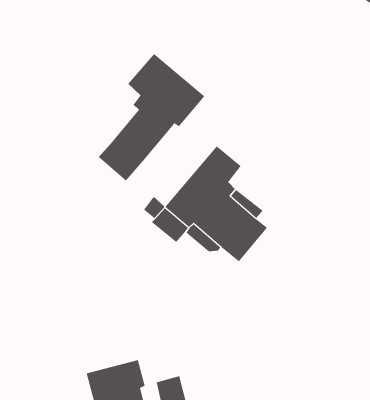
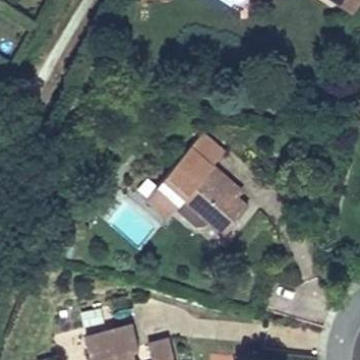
building: [98,53,205,181] -> none

